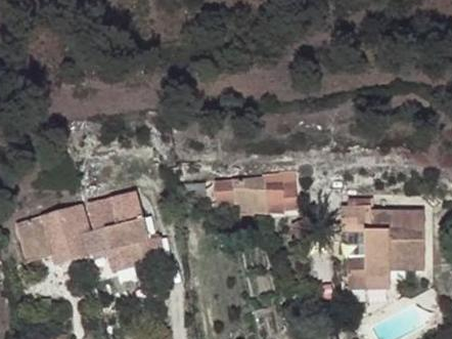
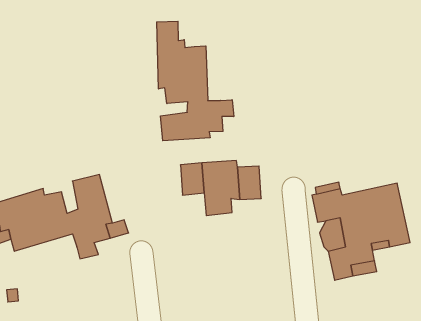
building: none -> [157,21,234,141]

